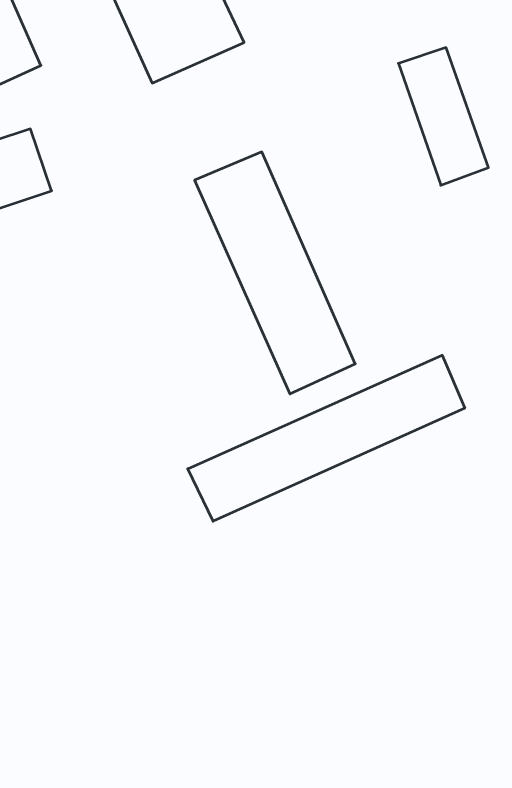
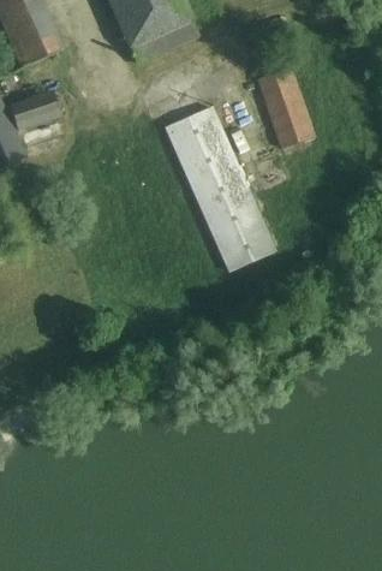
building: [398,48,488,185] -> [256,66,317,160]
building: [188,355,465,521] -> none

